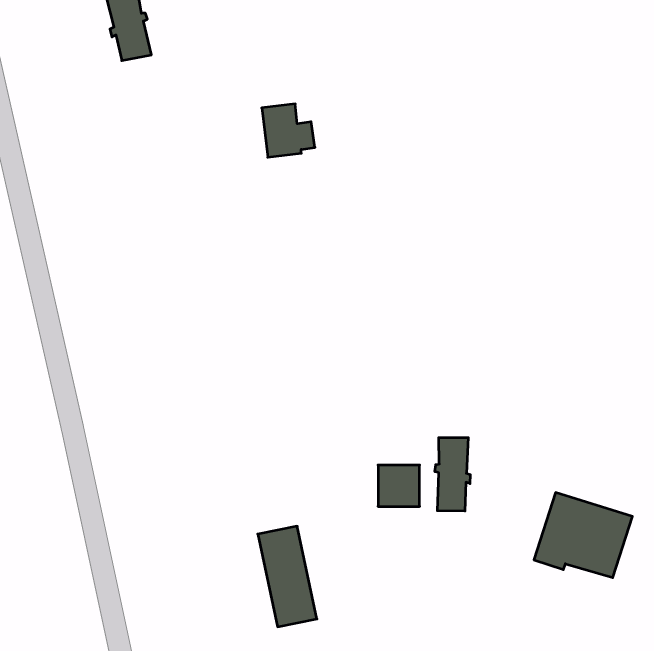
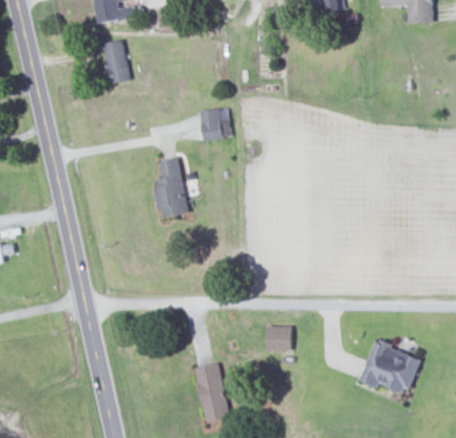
building: none -> [151,158,186,216]
building: [435,438,470,511] -> none

